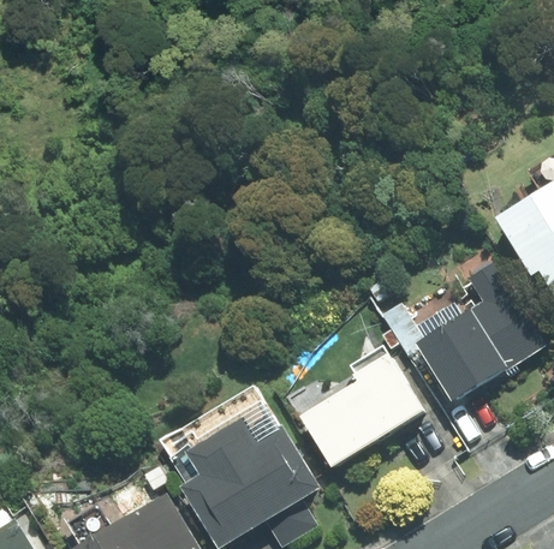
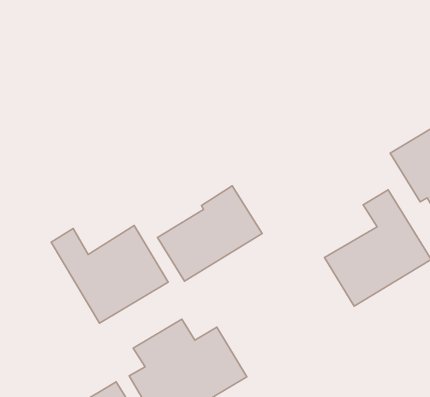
building: none -> [51,226,168,323]
building: [298,352,424,467] -> [158,186,262,281]

